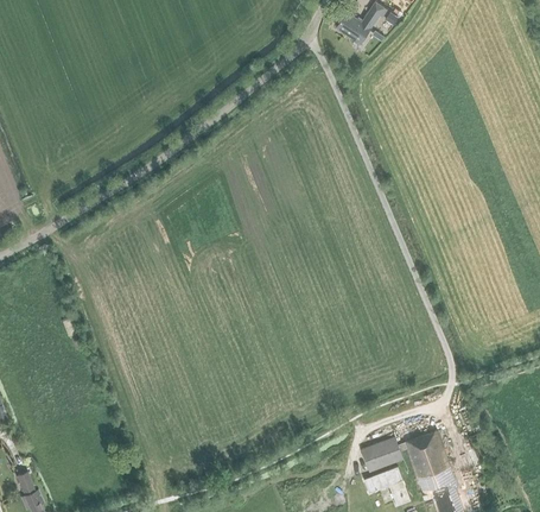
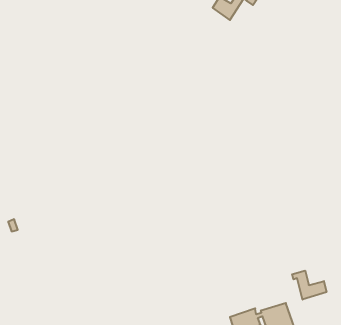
building: none -> [292,271,326,300]

